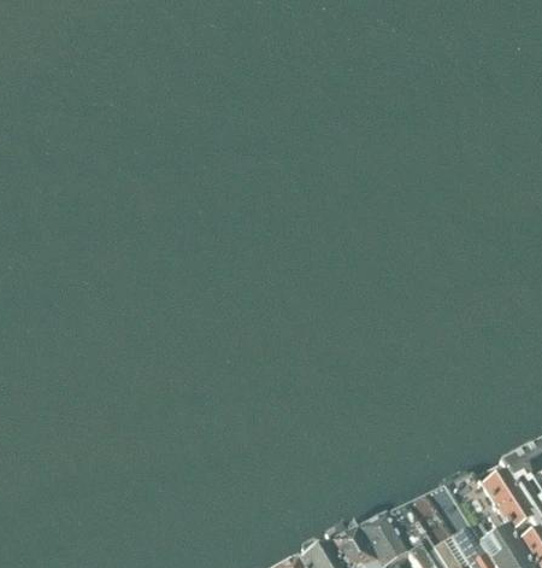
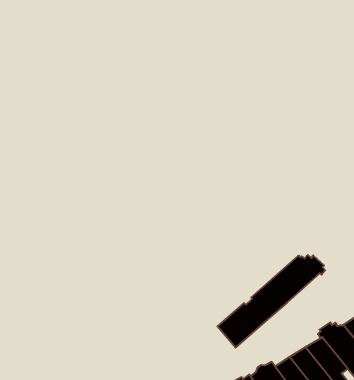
building: none -> [217,255,325,348]

